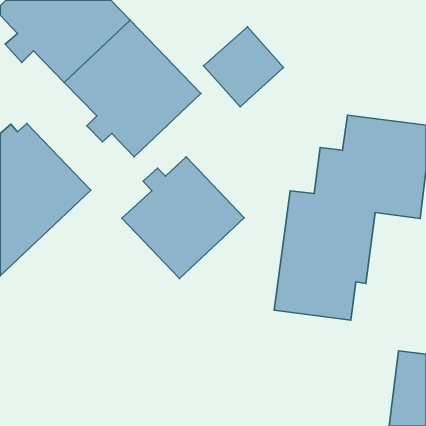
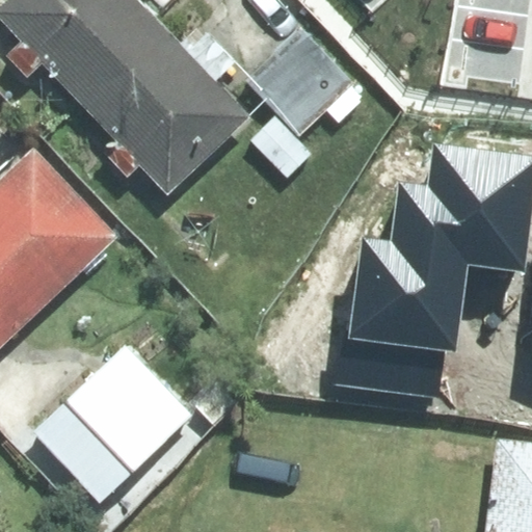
building: [122,157,244,279] -> none
building: none -> [35,347,189,499]

